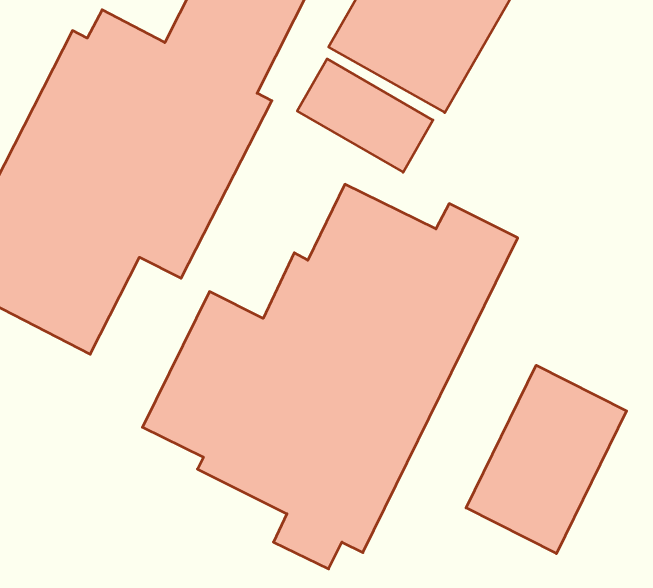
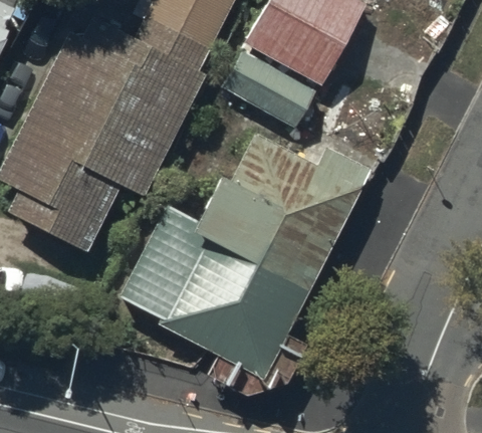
building: [466,365,627,554] -> none

